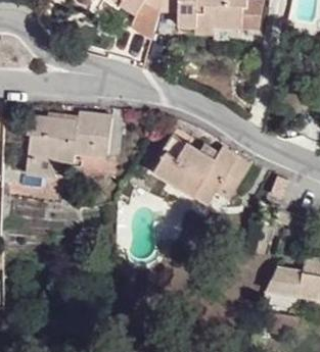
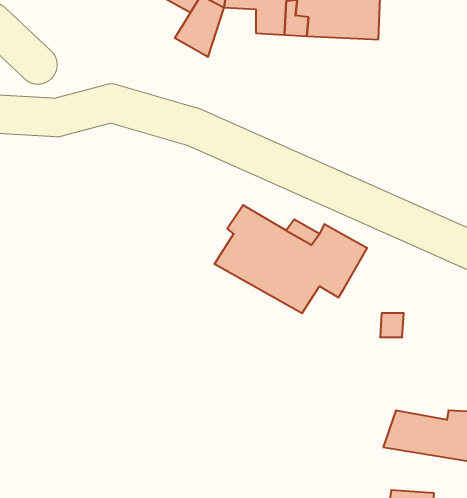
building: [27,111,110,174] -> none

